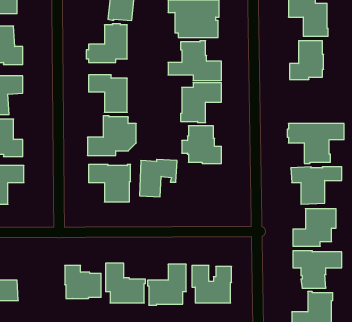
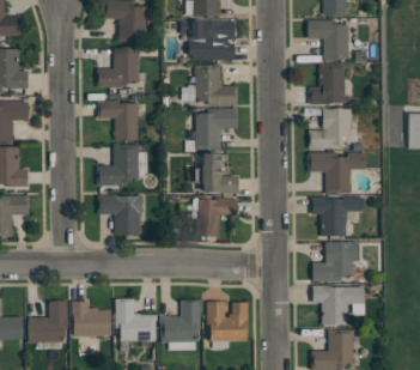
building: none -> [309,109,351,148]
building: [140,159,177,197] -> [197,198,237,237]
building: none -> [28,302,67,344]

